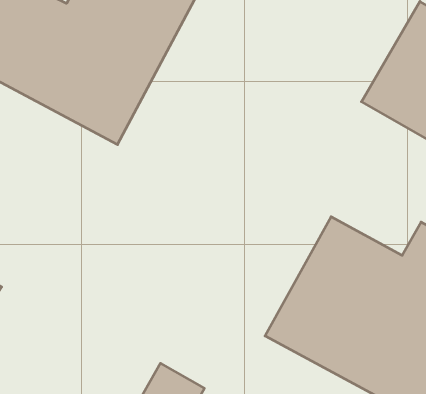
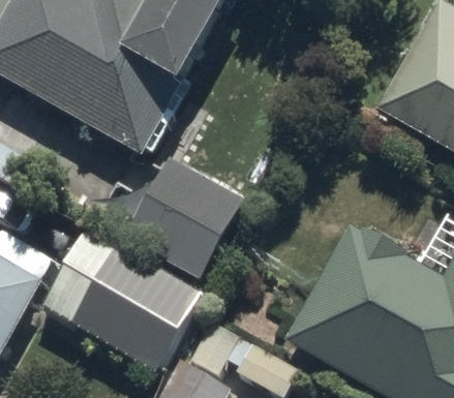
building: none -> [135,162,242,272]
building: none -> [53,238,202,371]

